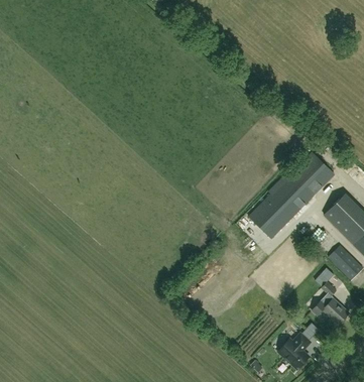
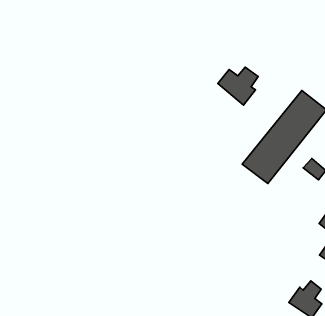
building: none -> [218,67,258,105]

